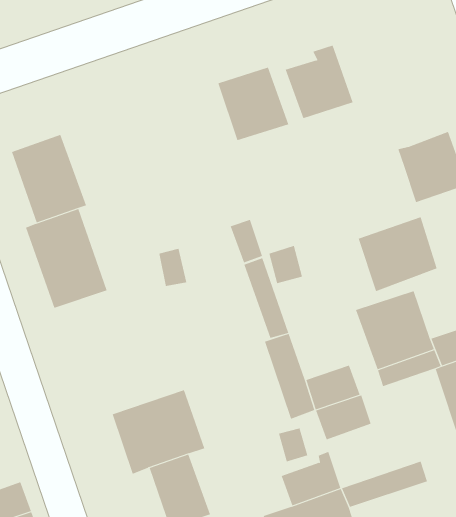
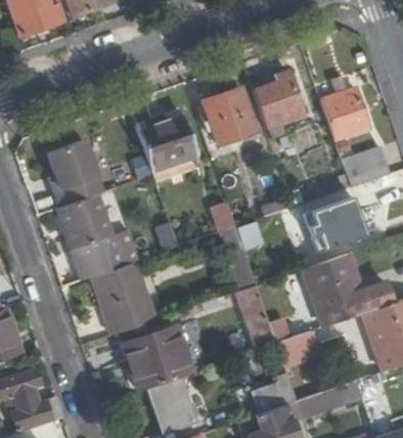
building: none -> [319,87,370,140]
building: none -> [134,117,196,168]
building: none -> [93,263,156,336]

